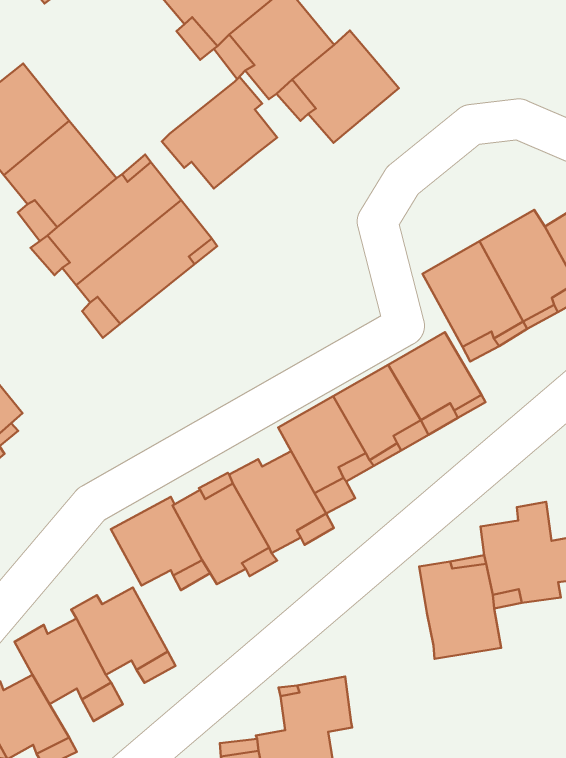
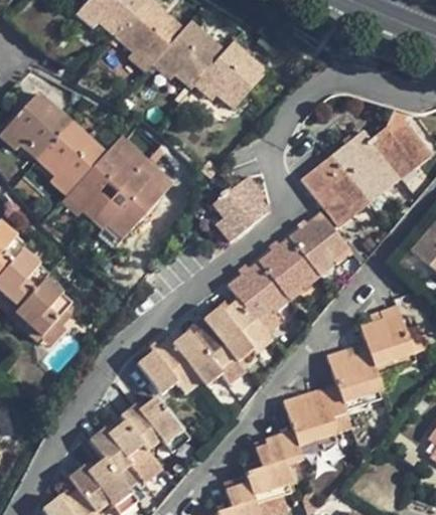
building: [162,77,277,188] -> none
building: none -> [211,175,269,242]
building: none -> [282,383,345,457]

